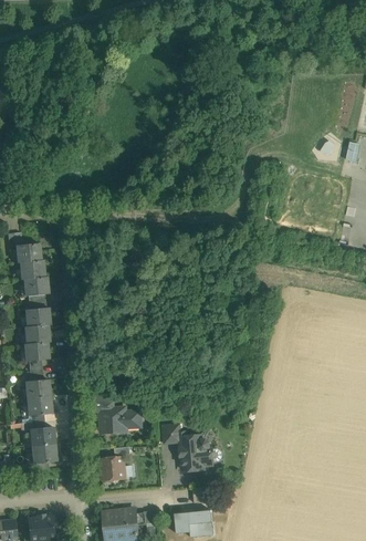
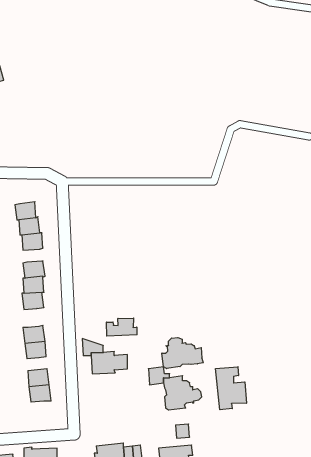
building: none -> [107,318,137,336]
building: none -> [162,338,203,369]
building: none -> [216,367,246,410]
building: [101,456,126,481] -> none

